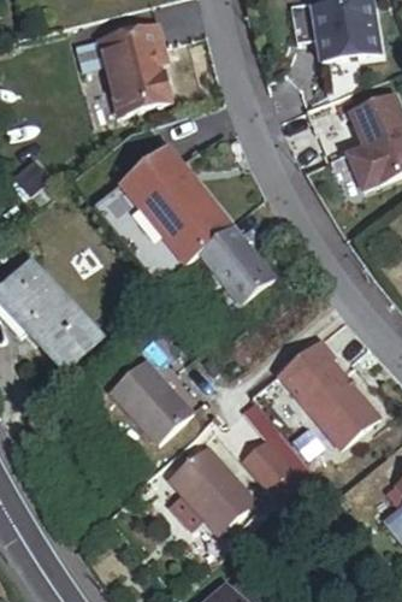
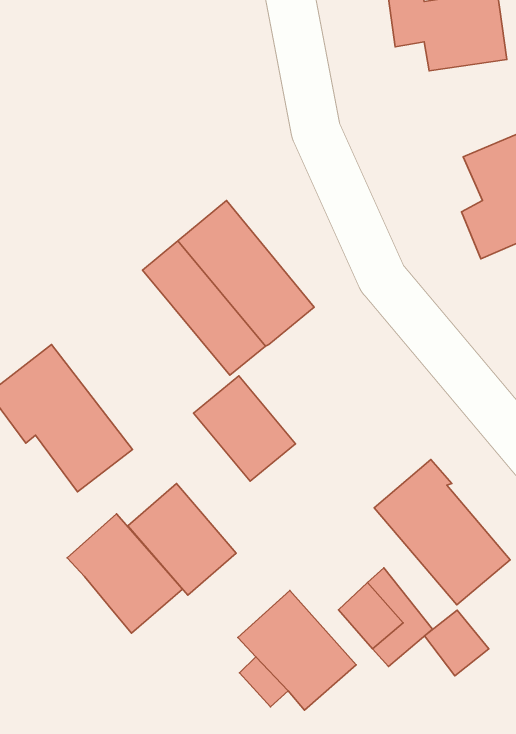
building: [91,22,164,111] -> none
building: [202,230,278,308] -> [193,376,296,481]
building: none -> [67,514,183,633]
building: none -> [425,610,489,676]

